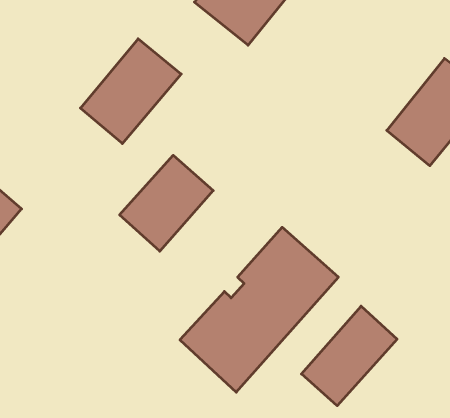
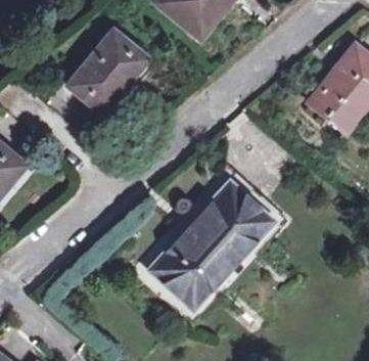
building: [120,155,213,251] -> none
building: [301,306,397,406] -> none

